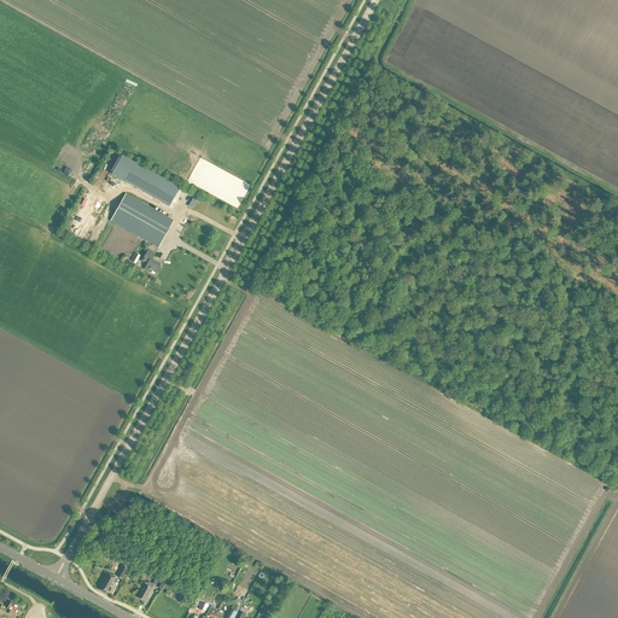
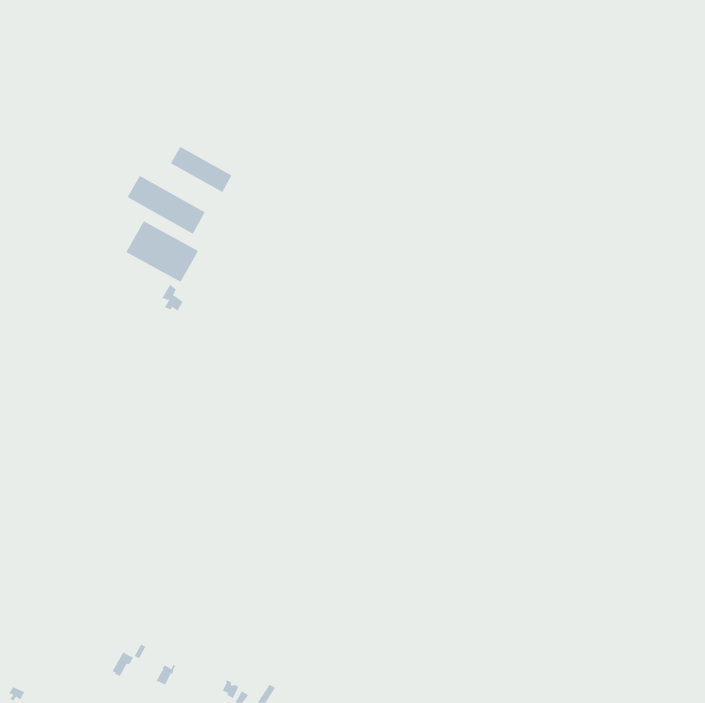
building: none -> [170,146,232,193]

